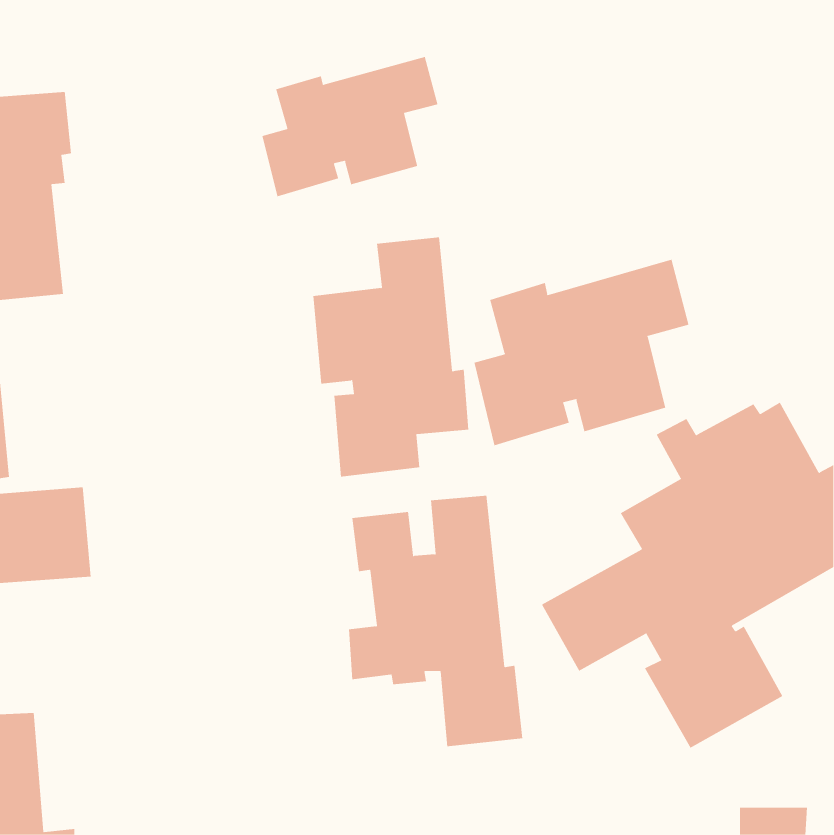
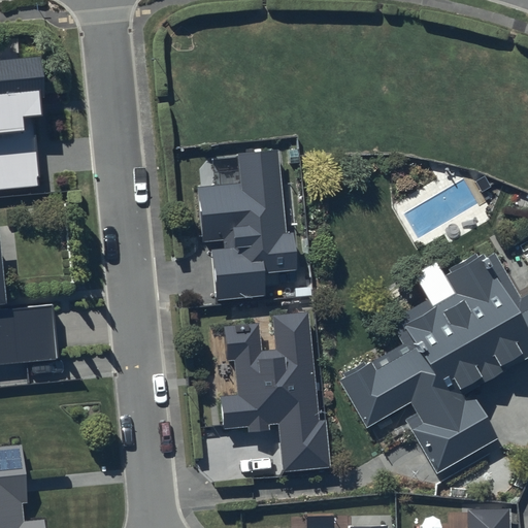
building: [262,56,438,197] -> none
building: [474,259,689,446] -> none

